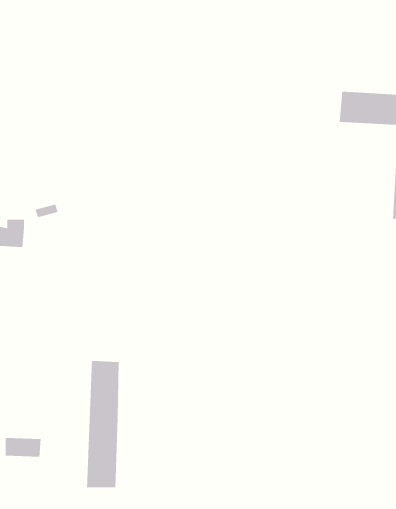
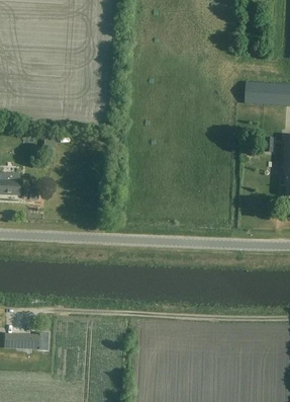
building: [87,360,119,488] -> none

